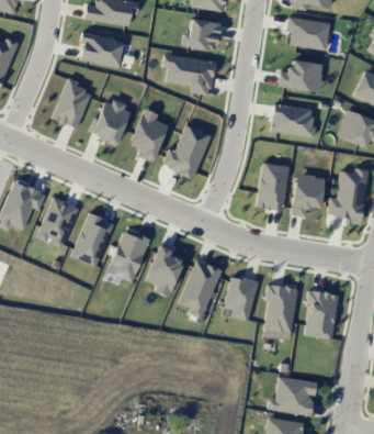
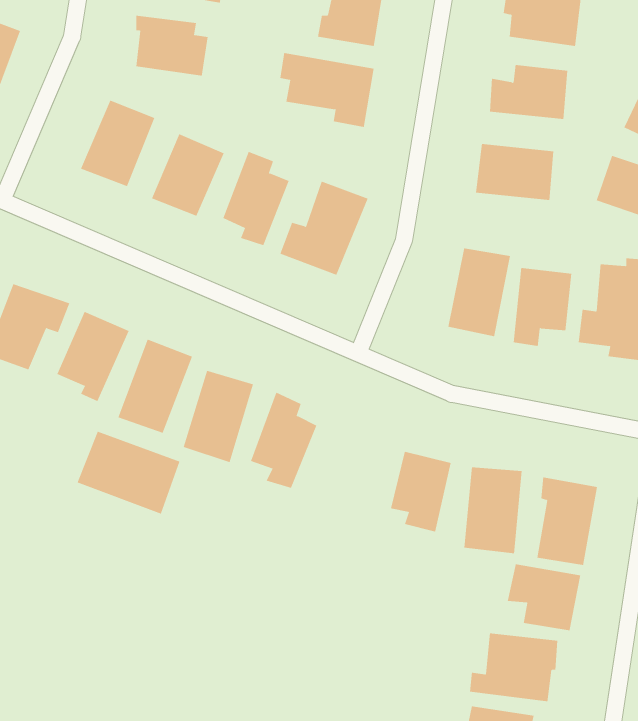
building: [178,259,223,319] -> none
building: none -> [77,431,180,514]
building: none -> [507,563,581,631]

